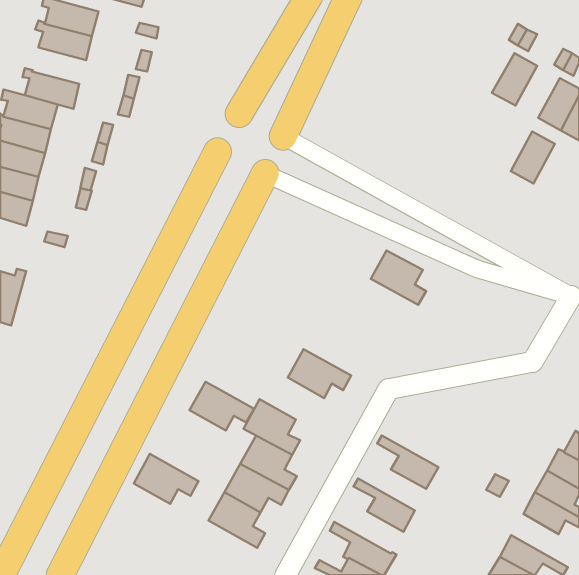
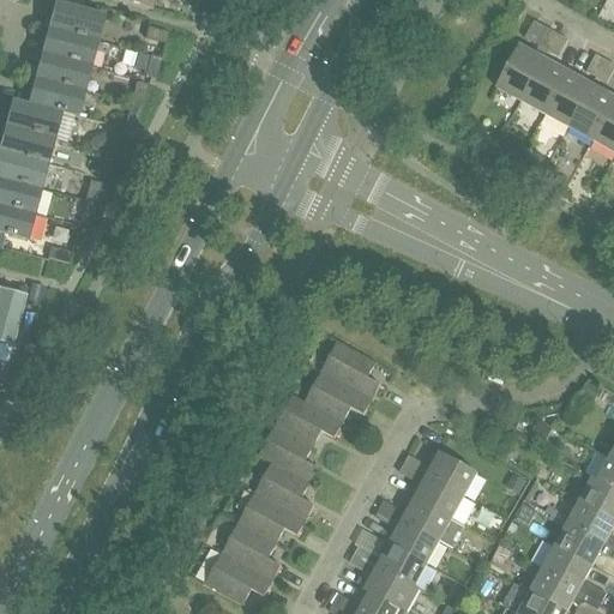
building: none -> [496,43,544,98]
building: none -> [31,47,91,89]
building: [511,131,555,184] -> [546,70,592,125]
building: [371,250,426,305] -> [321,339,380,397]
building: [190,382,254,430] -> [275,392,343,444]
building: none -> [404,450,476,494]
building: [134,454,198,504] -> [204,550,272,603]
building: none -> [379,496,451,540]
building: none -> [354,541,427,585]
building: none -> [541,543,606,600]

